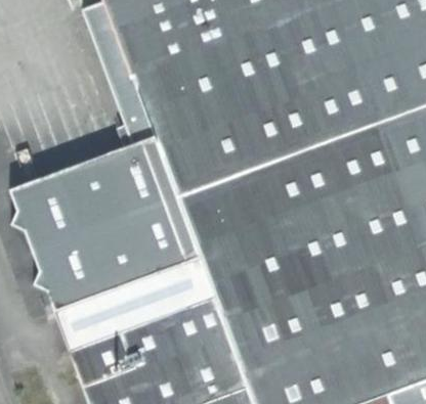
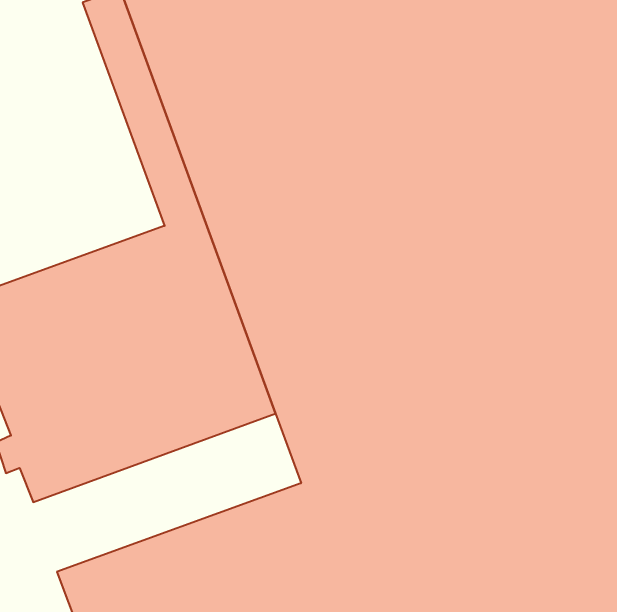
building: [56,255,217,350] -> none

